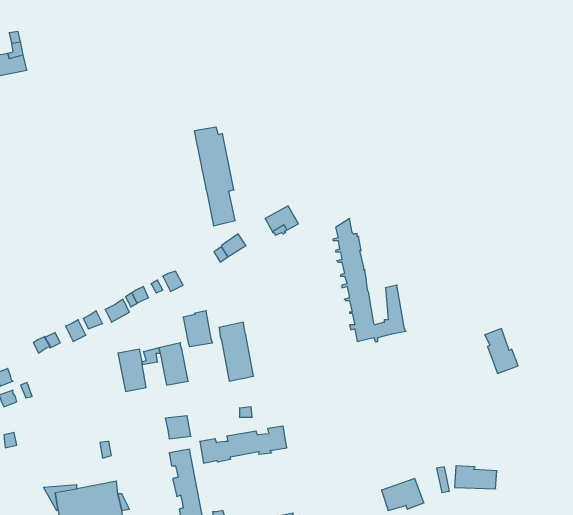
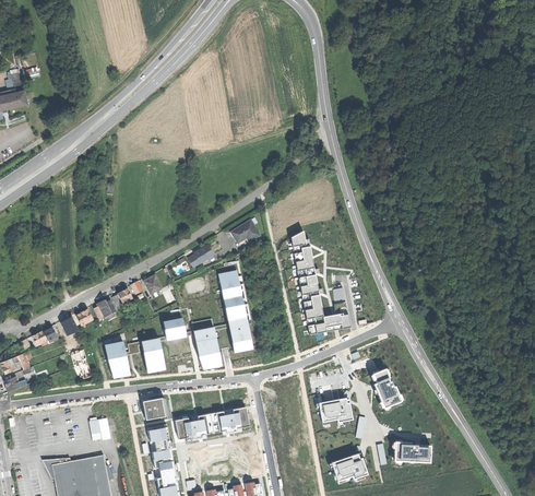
building: [194,127,235,226] -> [217,270,252,354]
building: [485,329,518,373] -> [370,368,399,406]
building: none -> [317,398,350,421]

